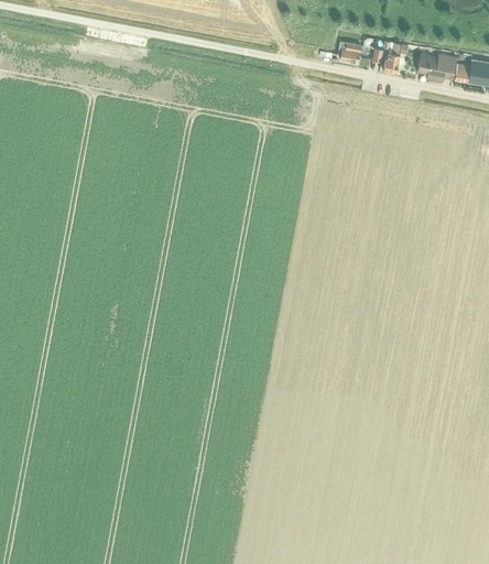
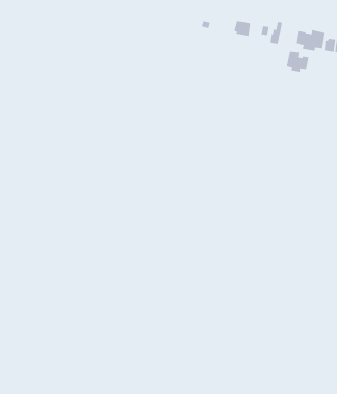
building: none -> [286,51,309,73]

